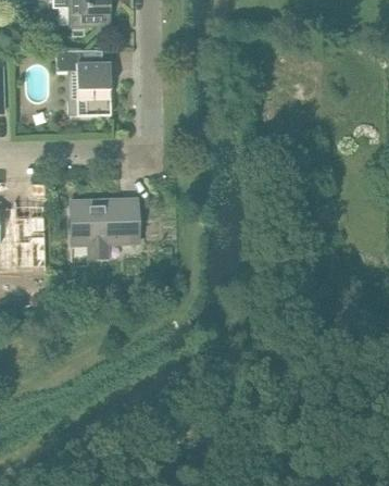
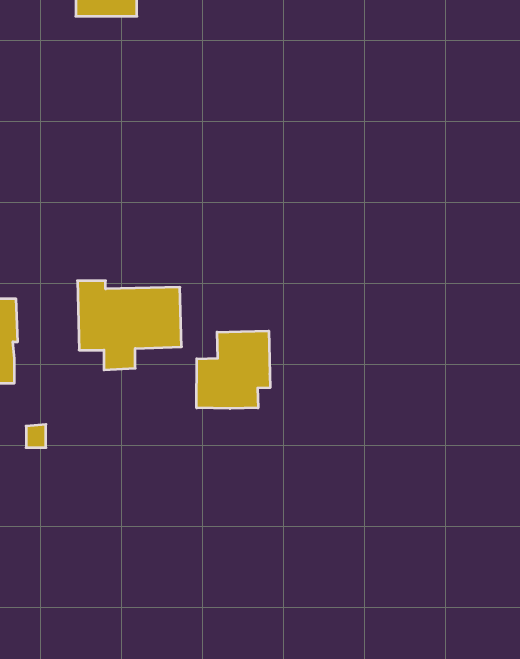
building: [54,49,110,115] -> none
building: none -> [197,331,270,409]

